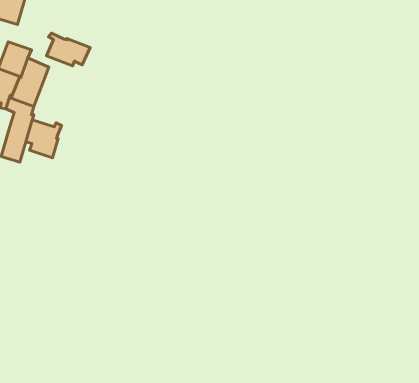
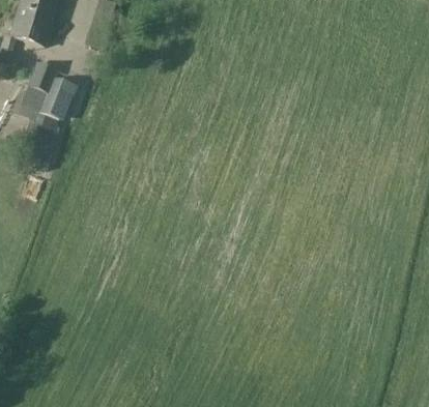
building: [46,33,90,66] -> none
building: [26,120,62,158] -> none

